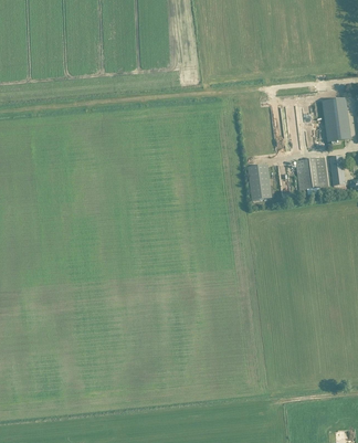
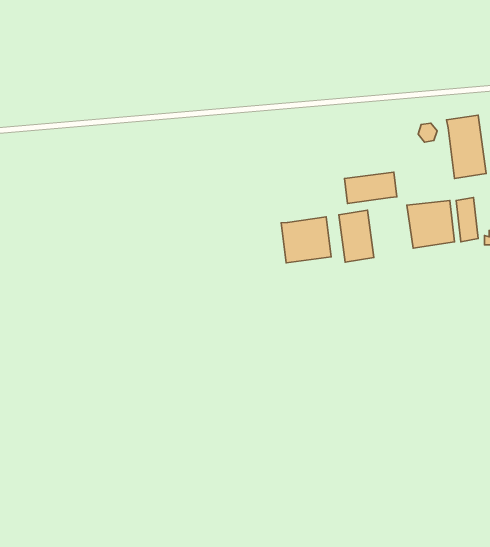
building: none -> [345,172,397,204]
building: none -> [281,217,331,263]

